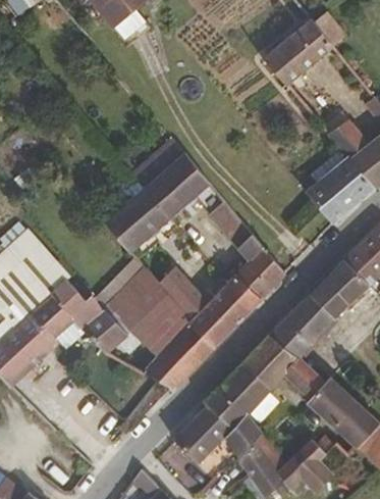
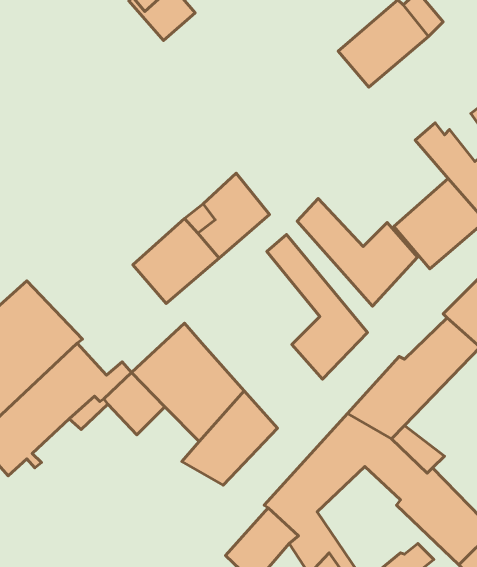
building: [158,264,251,347] -> [297,199,418,306]

